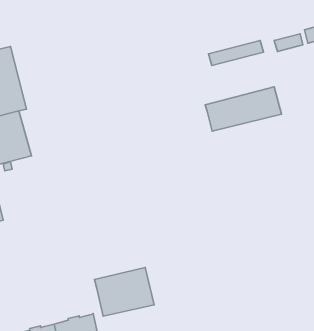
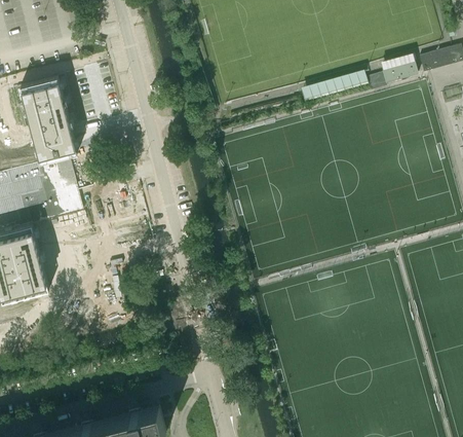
building: [205,87,281,131] -> none
building: [94,267,154,316] -> none

